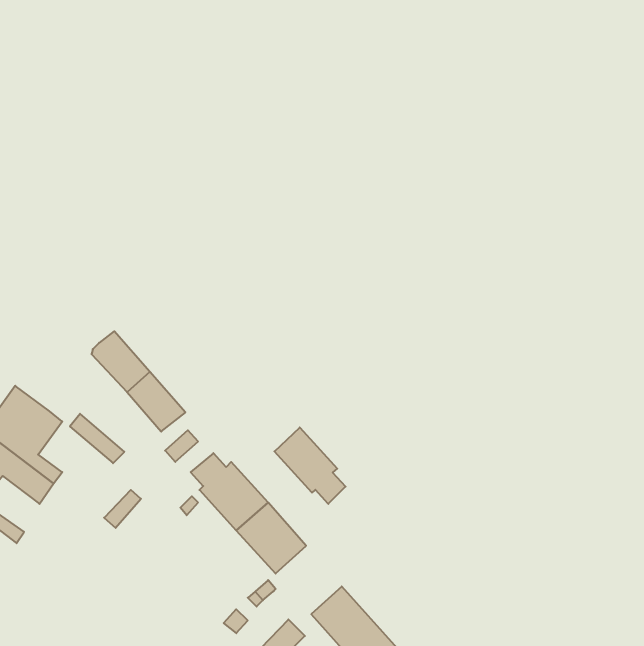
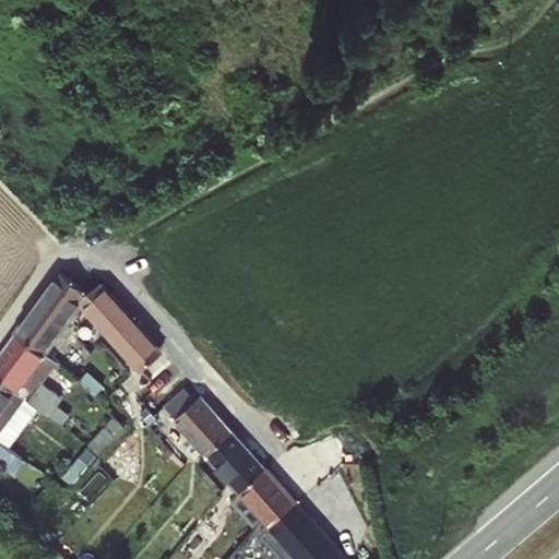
building: none -> [13,274,85,356]
building: [274,427,346,504] -> none
building: none -> [237,472,294,531]

